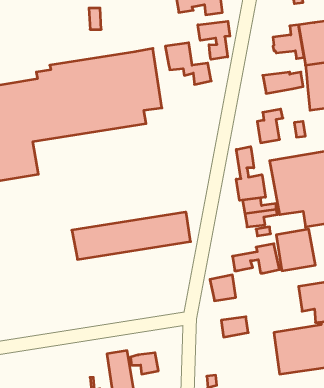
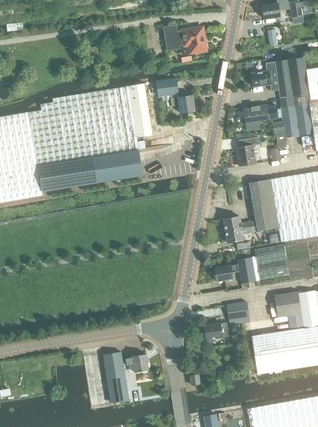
building: [198,21,230,59] -> none
building: [236,147,265,200] -> none
building: [72,212,191,259] -> [37,150,143,192]
building: [210,275,236,301] -> [227,301,250,324]

